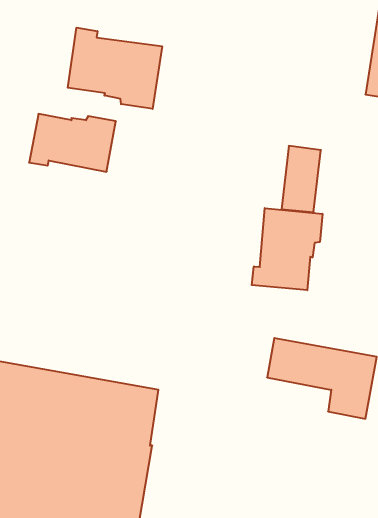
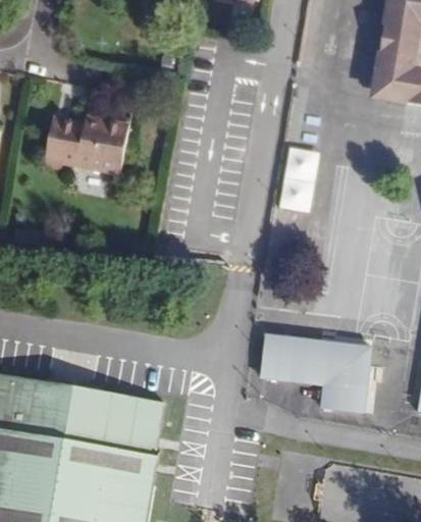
building: [68,28,162,109] -> none
building: [252,208,322,290] -> none

